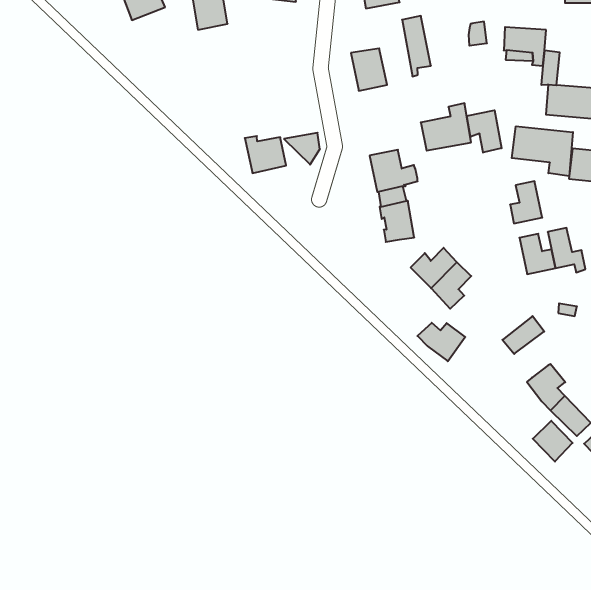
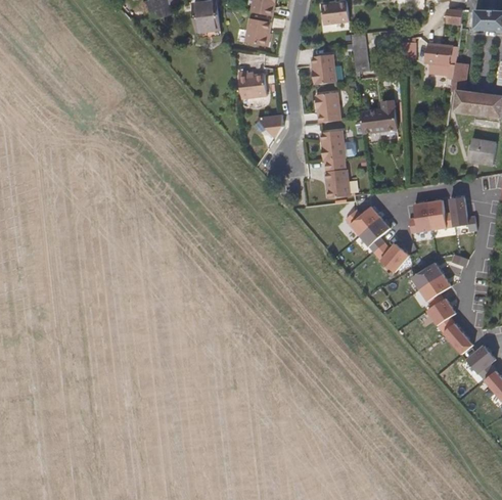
building: none -> [244,17,270,46]
building: none -> [315,92,339,123]
building: [467,110,502,153] -> none
building: [512,126,573,176] -> none
building: [245,136,286,173] -> [237,71,267,98]
building: [510,181,542,223] -> [408,202,431,233]
building: [417,323,465,361] -> [372,243,408,273]
building: none -> [418,274,450,308]
building: [533,421,573,462] -> none

